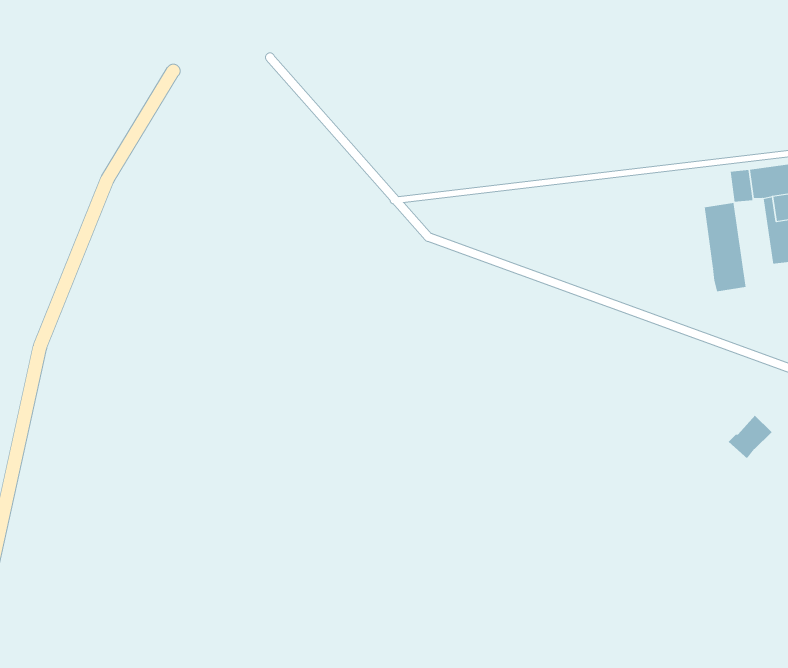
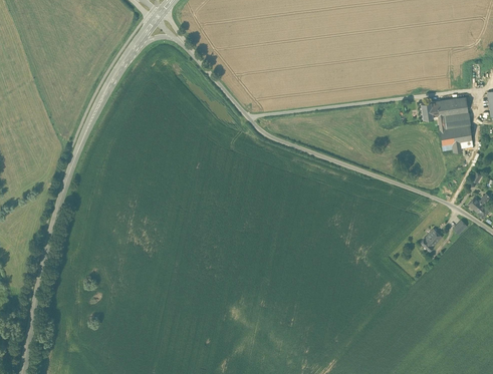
building: [704,202,746,292] -> none

